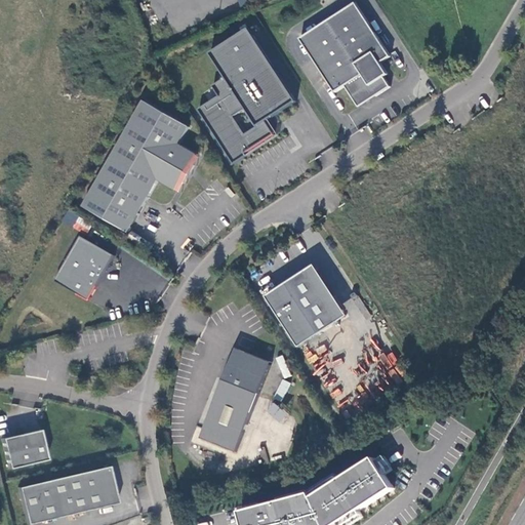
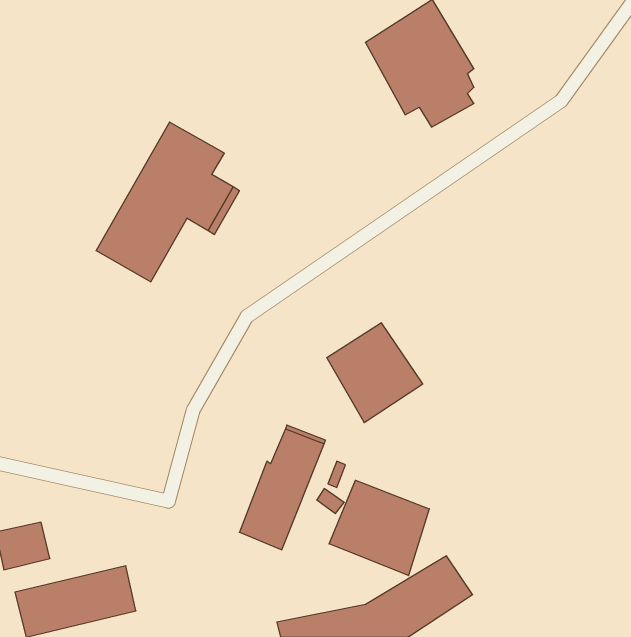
building: [196,29,297,163] -> none
building: [51,236,112,300] -> none
building: none -> [329,480,429,576]

